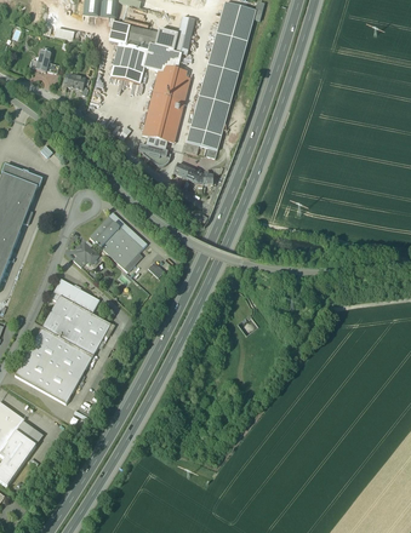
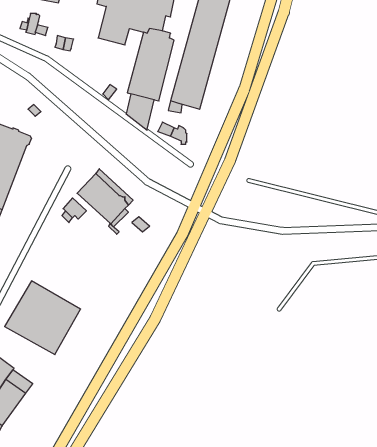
building: [42,277,112,356] -> none

